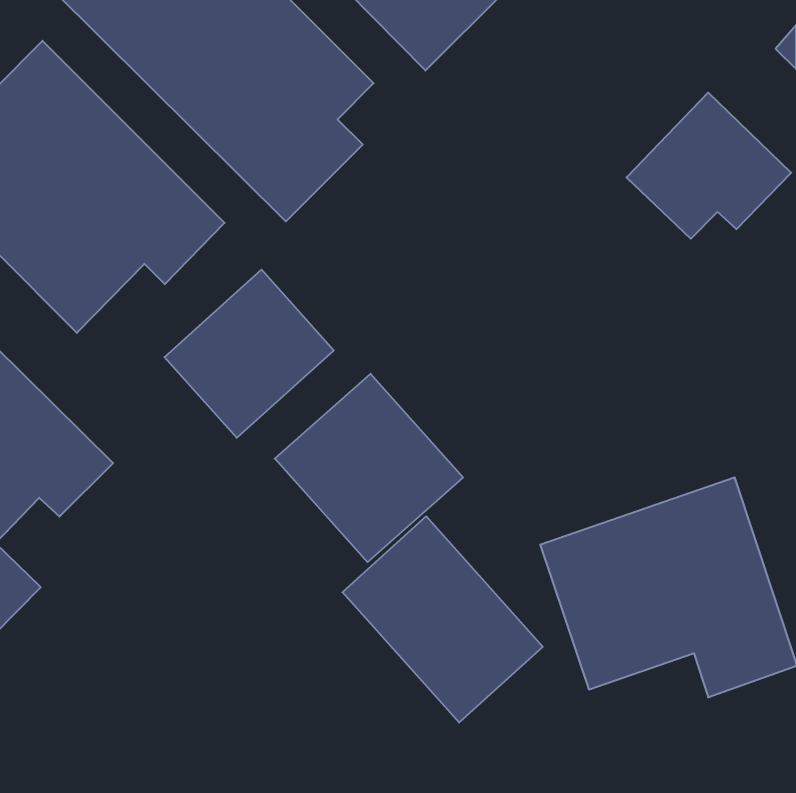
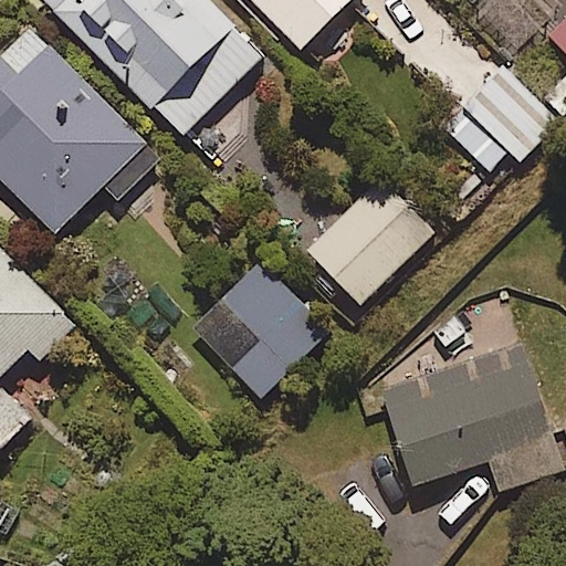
building: none -> [306,179,431,304]
building: [164,270,334,438] -> none
building: [342,516,543,723] -> none

